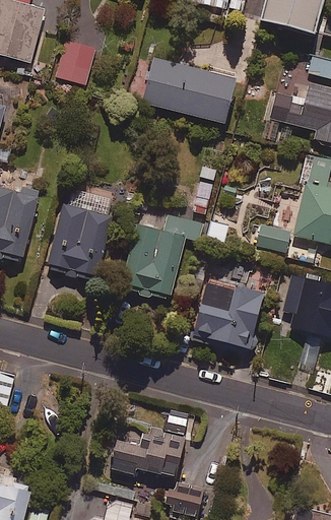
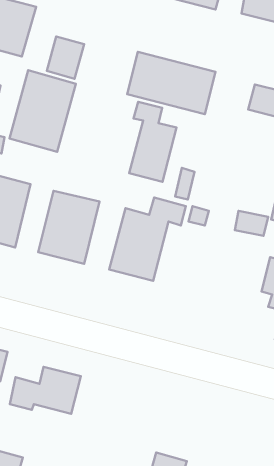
building: none -> [9,70,76,152]
building: none -> [129,102,177,182]
building: [189,279,262,351] -> none
building: [109,428,184,477] -> [10,367,81,414]

